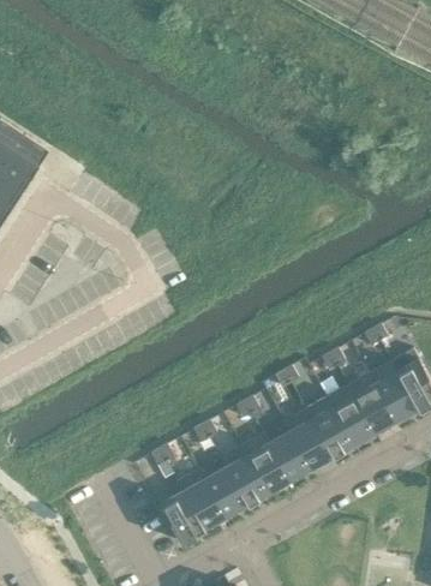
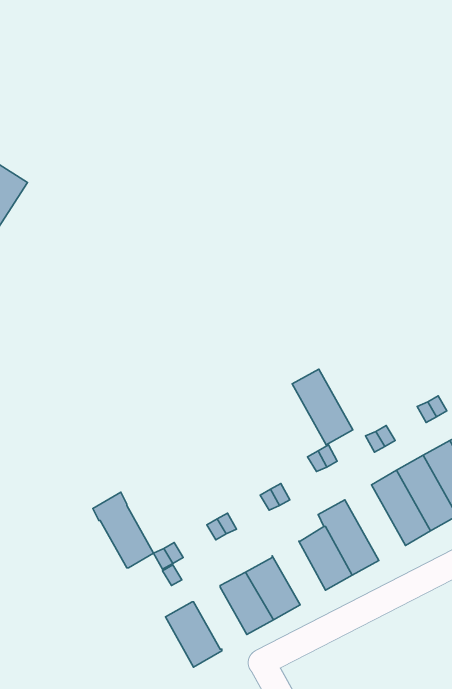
building: [305,399,354,460] -> [292,369,353,445]
building: [240,435,289,496] -> none
building: [176,471,226,532] -> [93,492,154,568]

